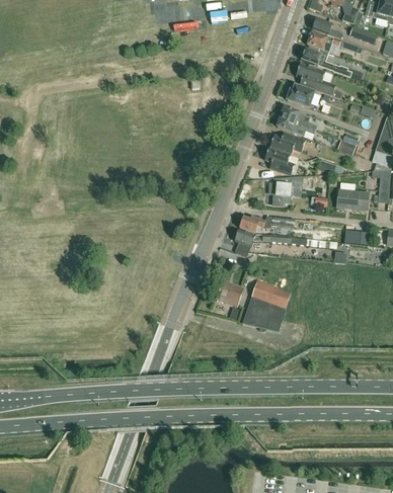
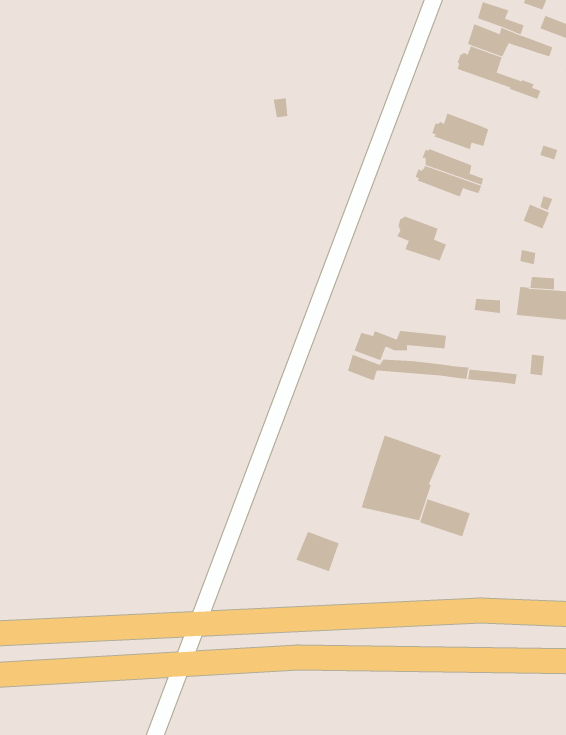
building: [296,63,341,98] -> none
building: [269,133,305,155] -> none
building: [269,176,299,206] -> none
building: [217,280,243,305] -> [296,531,339,572]
building: none -> [420,498,470,537]

